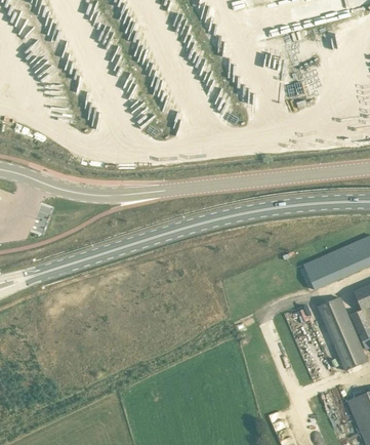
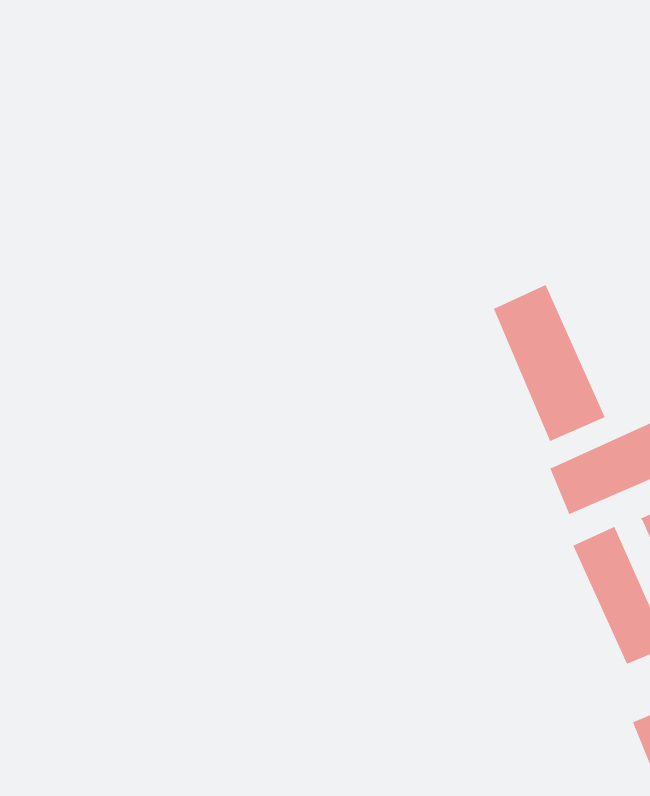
building: none -> [493,284,605,442]

